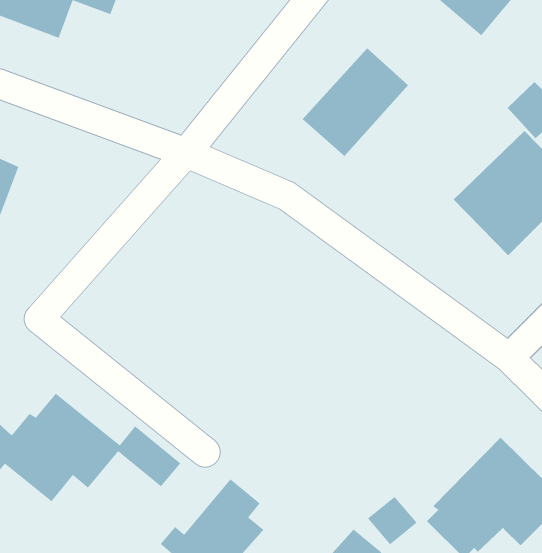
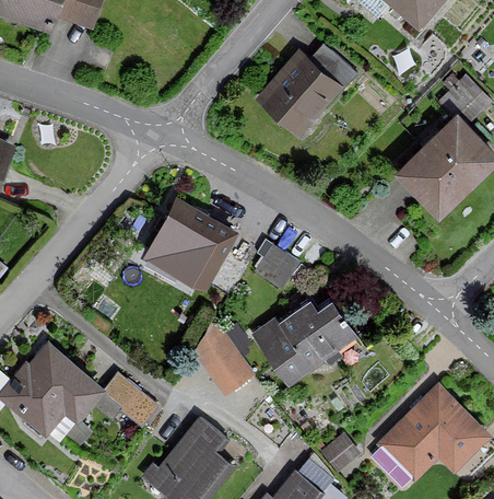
building: none -> [152,198,239,289]
building: none -> [256,242,301,286]
building: none -> [249,293,361,391]
building: none -> [195,324,255,396]

